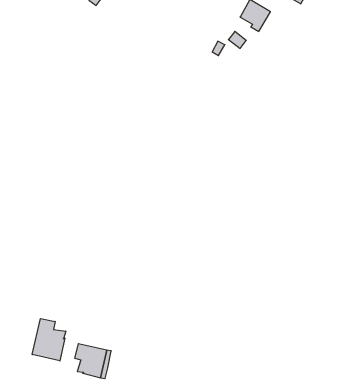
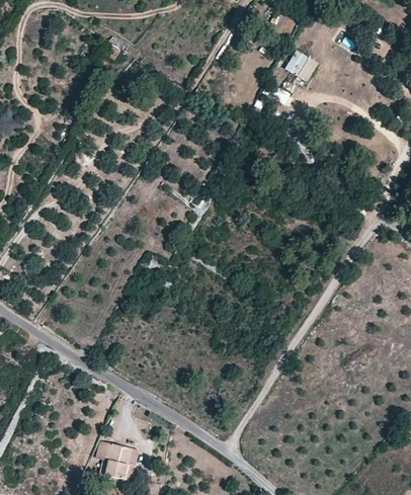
building: [32,319,66,361] -> none

